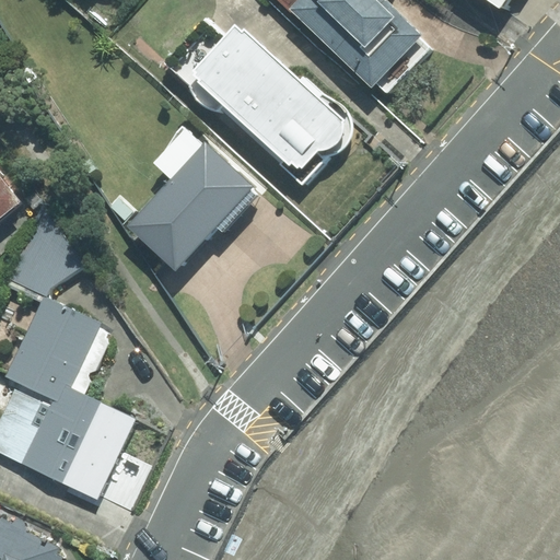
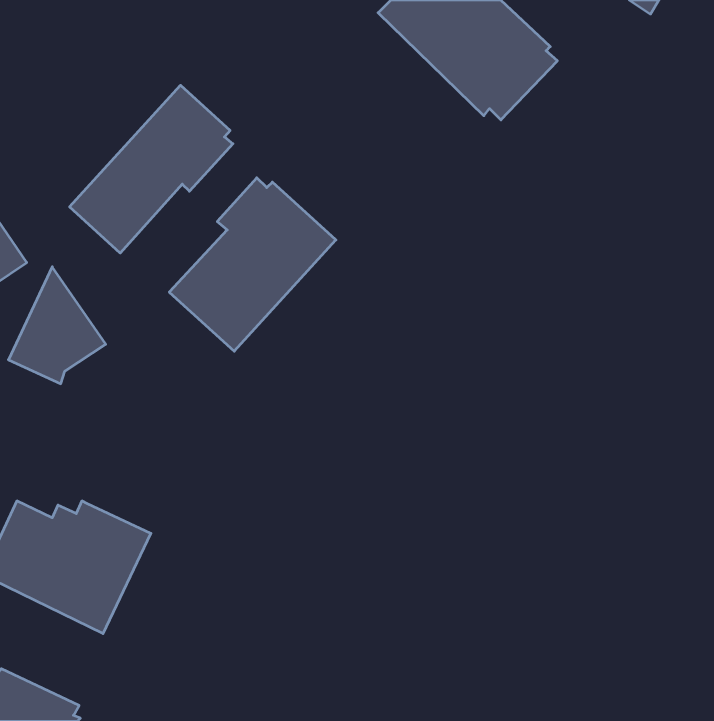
building: [163,20,348,185] -> none
building: none -> [70,85,233,253]
building: [5,298,100,398] -> none

